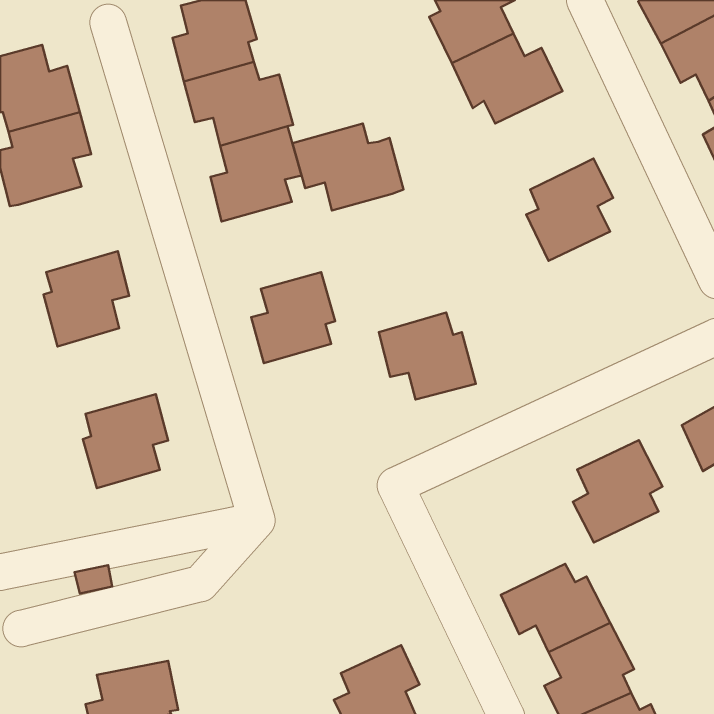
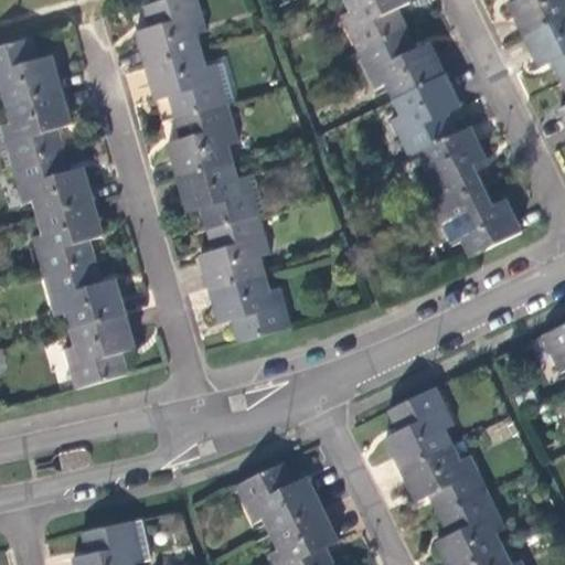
building: none -> [391,74,461,157]
building: [293,124,403,211] -> [177,161,264,230]
building: none -> [17,149,95,216]
building: none -> [434,184,519,255]
building: [379,312,476,399] -> [210,273,286,341]
building: none -> [47,260,125,328]
building: [573,440,663,542] -> [380,390,450,470]
building: none -> [234,463,318,532]

